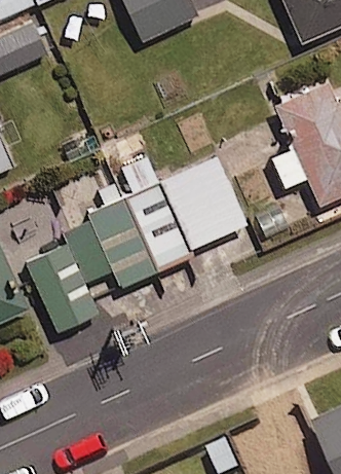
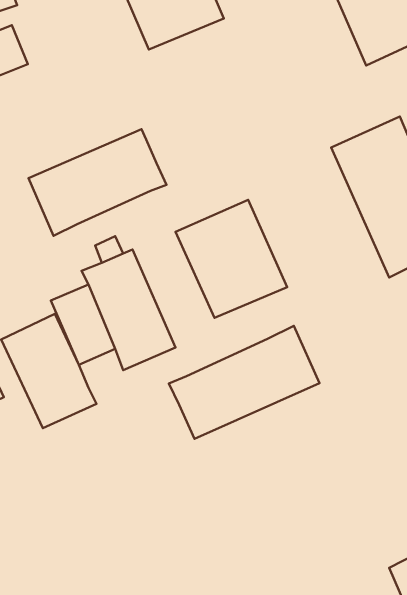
building: none -> [28,129,167,236]
building: none -> [169,326,319,439]

